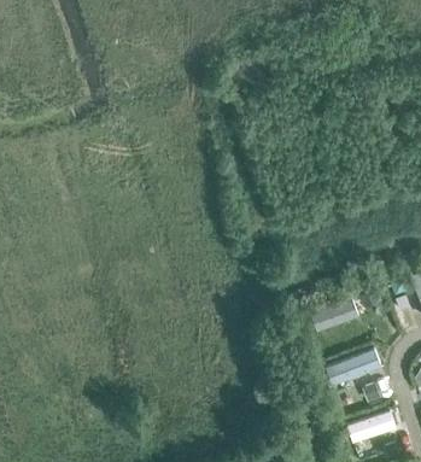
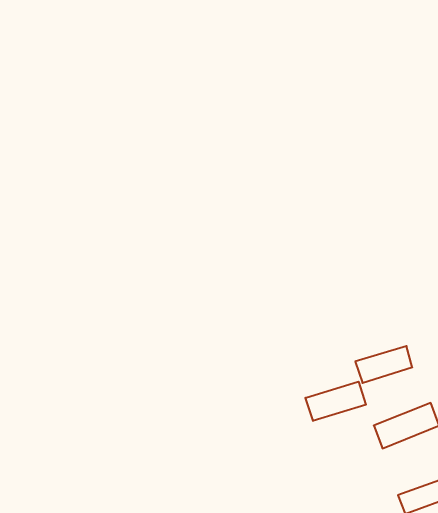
building: none -> [305,382,366,421]

